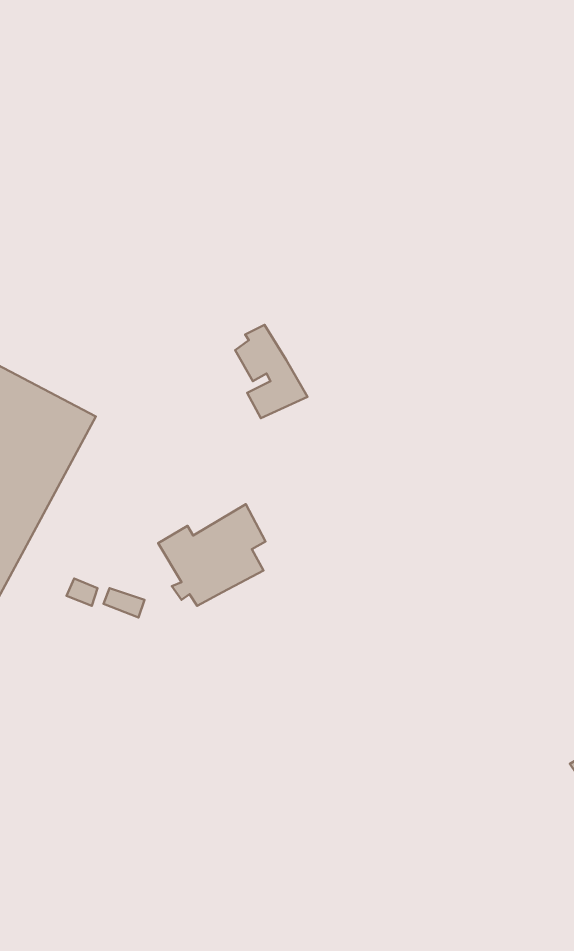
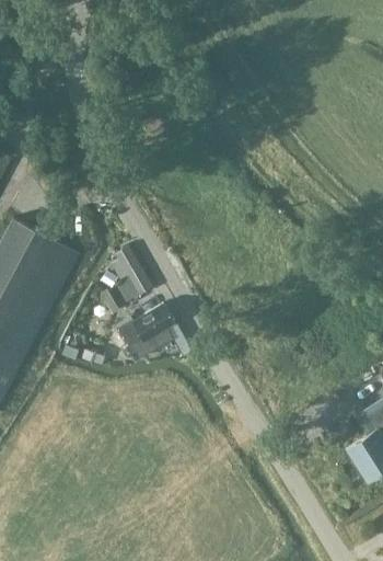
building: [235,325,307,418] -> [111,249,151,301]

